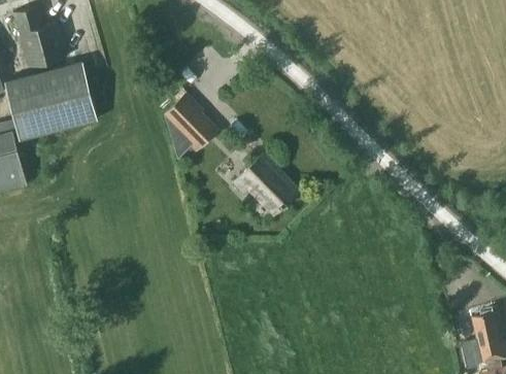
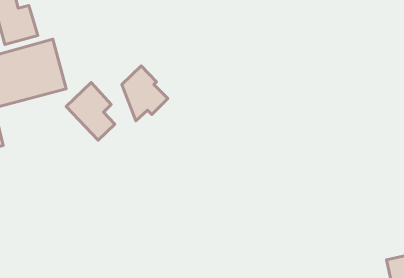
building: none -> [66,83,115,140]
building: [233,156,297,214] -> none

